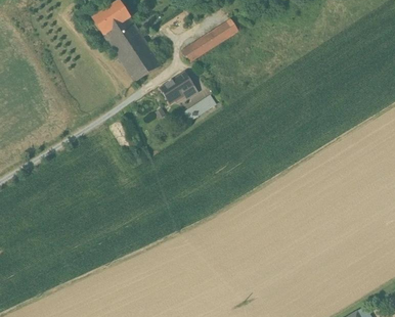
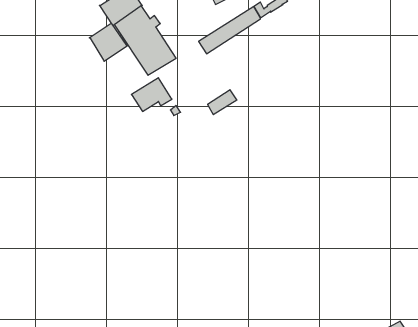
building: none -> [89,23,128,61]
building: [160,72,196,102] -> [131,78,172,111]

